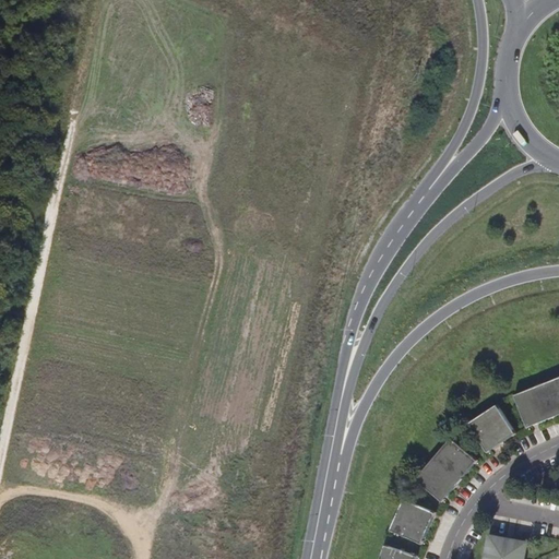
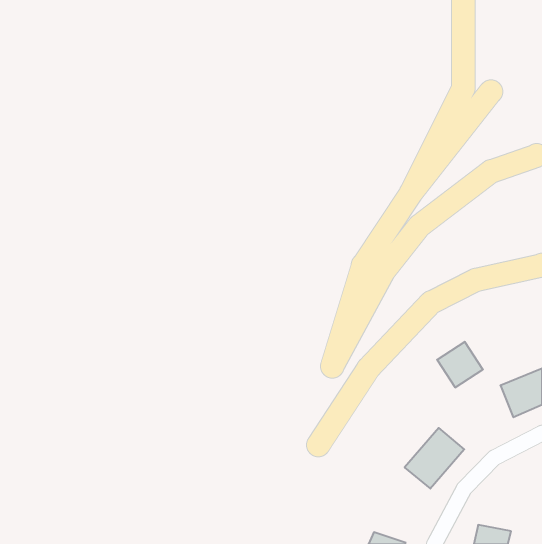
building: [467,405,514,452] -> [437,342,483,387]
building: [389,500,433,544] -> none

